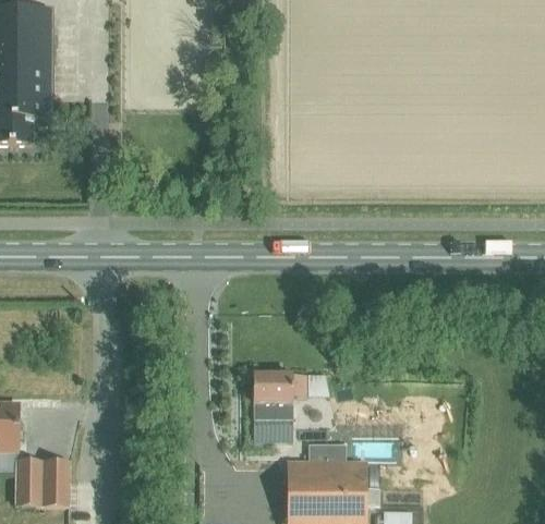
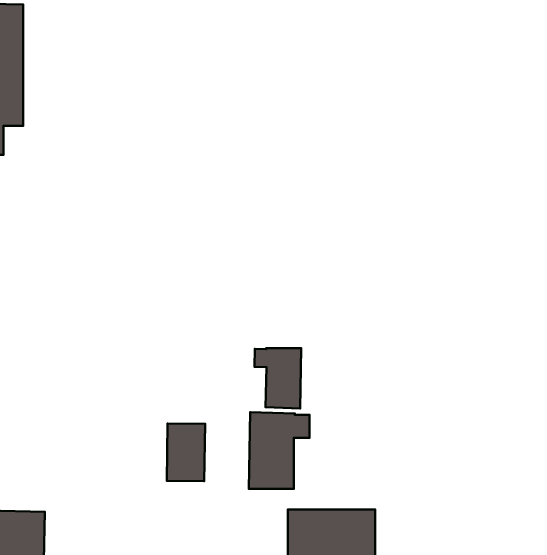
building: none -> [254,348,301,408]
building: none -> [167,423,205,481]

